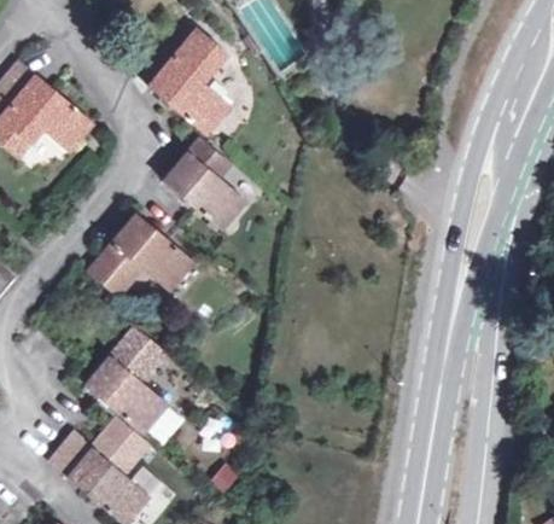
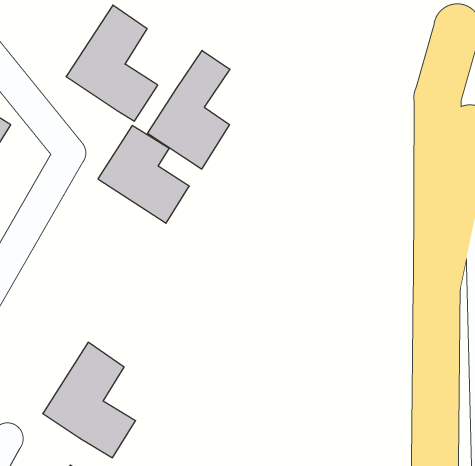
building: none -> [148,50,230,169]
building: [87,212,193,296] -> none

